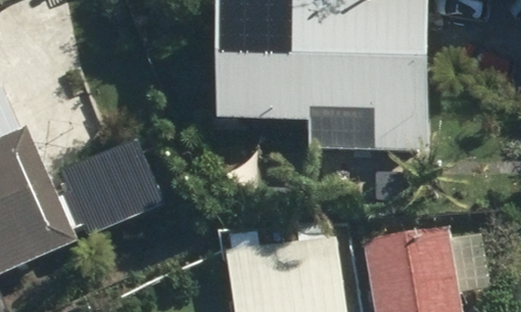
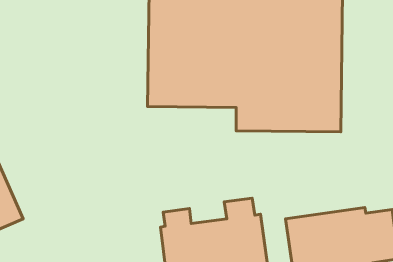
building: [58,138,165,236] -> none

